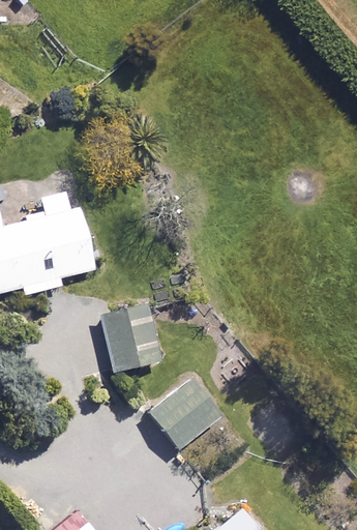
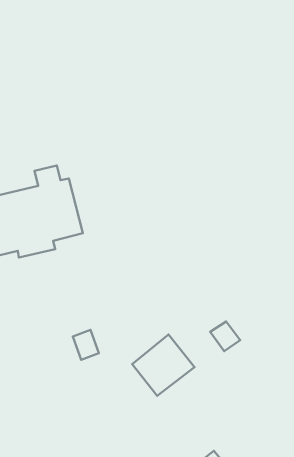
building: [100,301,160,372] -> none

